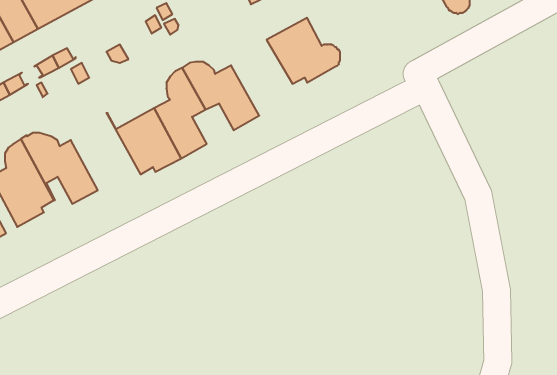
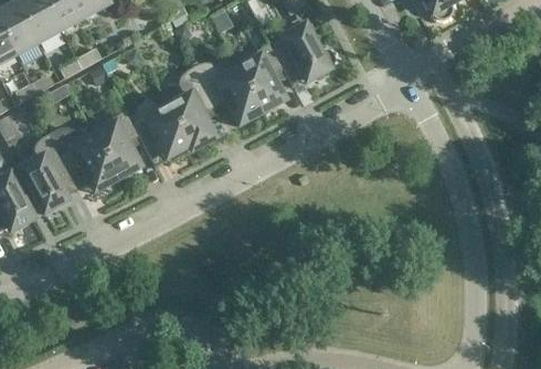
building: none -> [237,43,293,112]
building: none -> [93,109,156,179]

